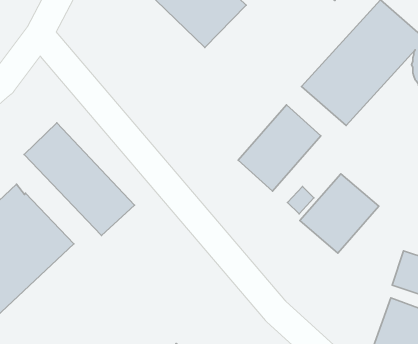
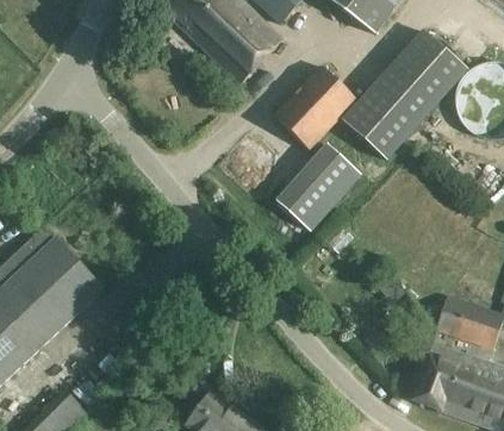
building: none -> [275,64,356,150]
building: [24,123,134,236] -> none
building: [300,174,379,253] -> none

